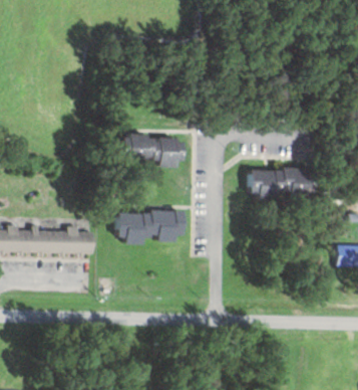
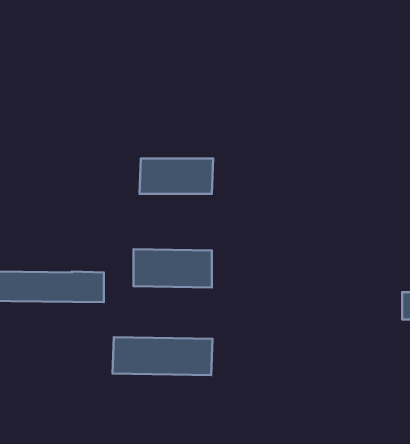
building: [249,168,315,201] -> none
building: none -> [113,337,213,375]

